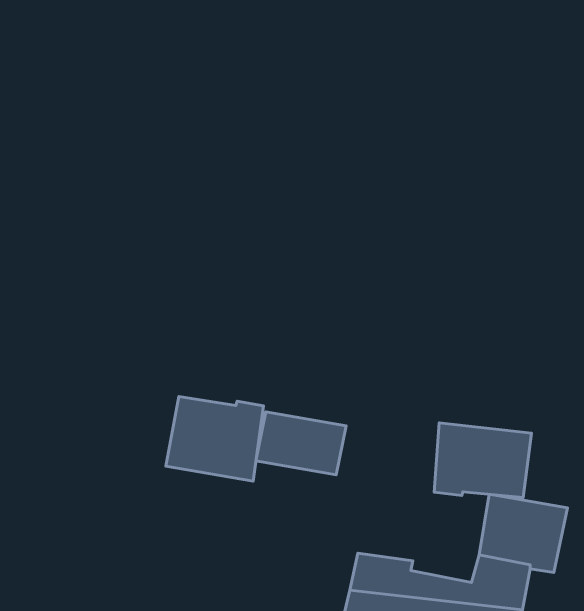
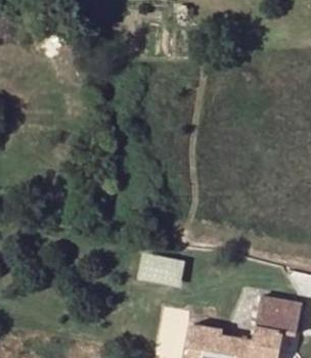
building: [166,397,263,481] -> none
building: [434,423,531,498] -> none

